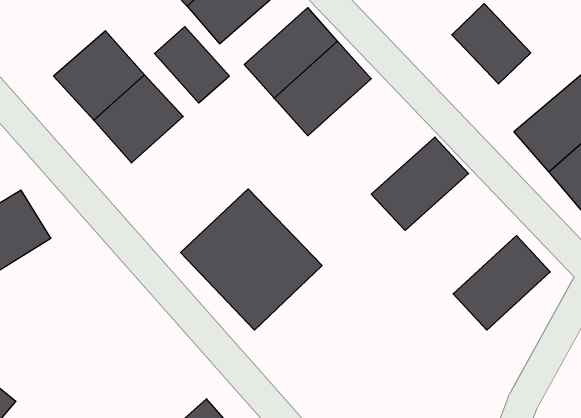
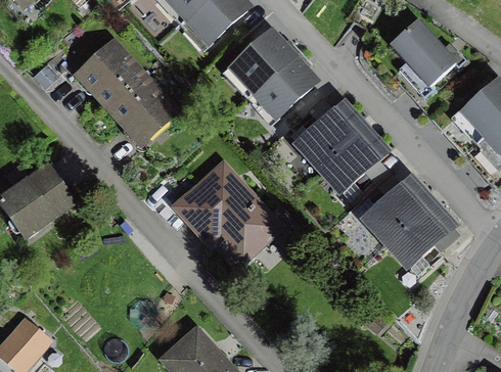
building: [154,27,229,103] -> none
building: none -> [300,97,374,169]
building: none -> [364,175,439,247]

